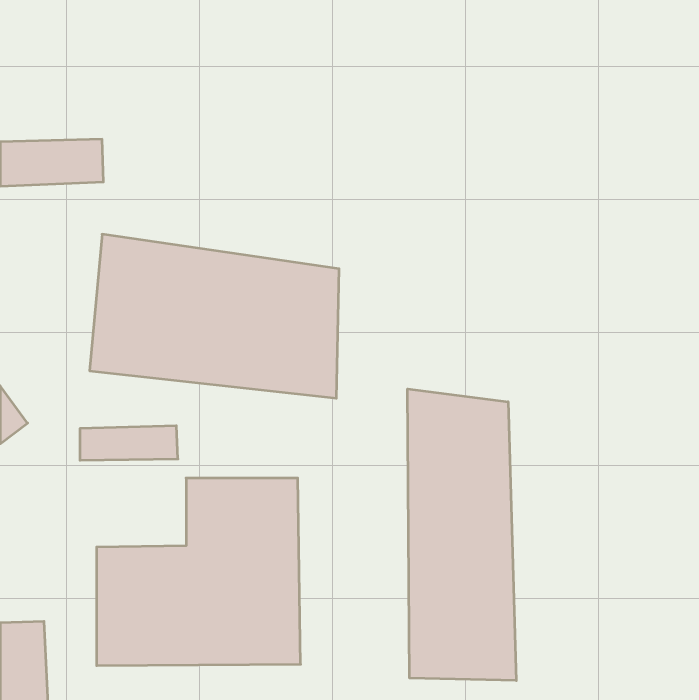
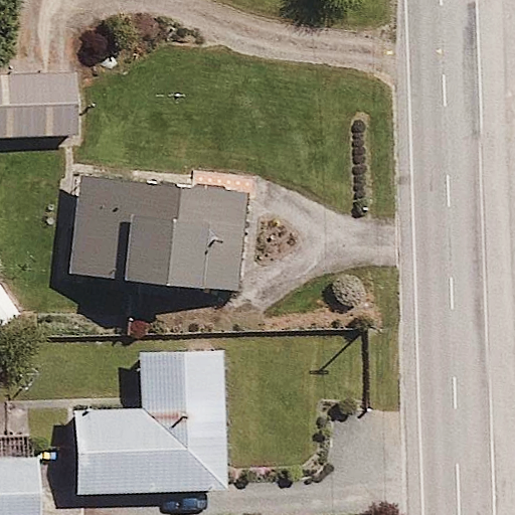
building: [408,389,516,681] -> none

